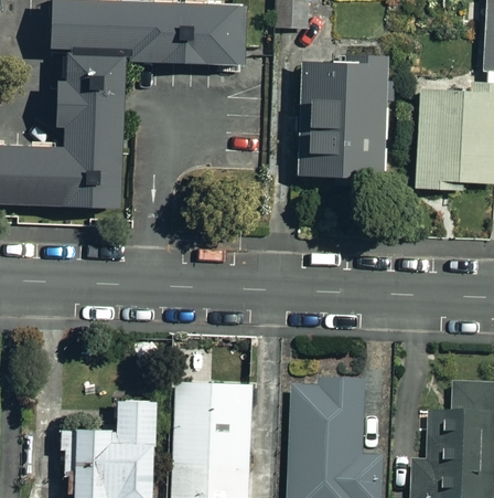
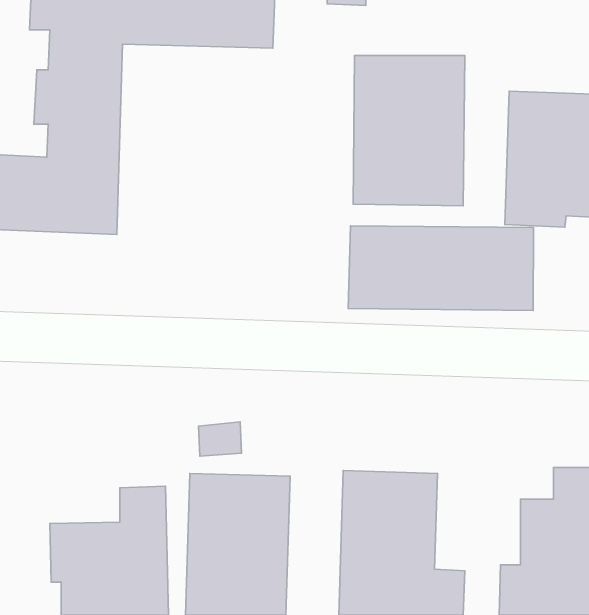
building: none -> [348,226,533,310]

